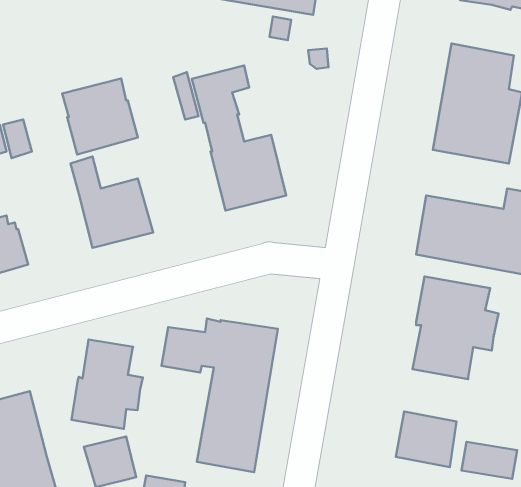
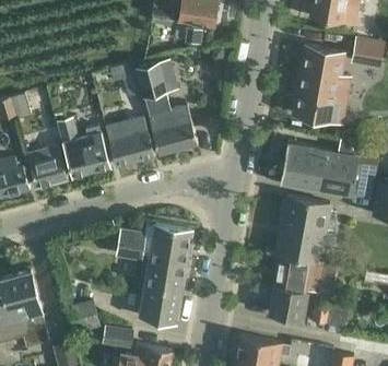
building: [62,78,138,154] -> [106,118,155,167]
building: none -> [27,147,68,189]
building: [71,340,143,429] -> none
building: none -> [274,258,326,294]

